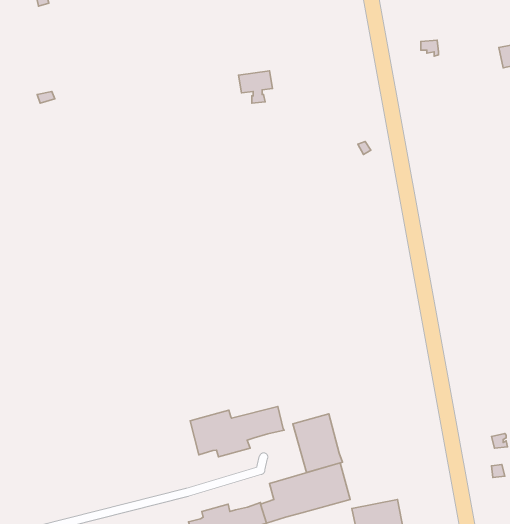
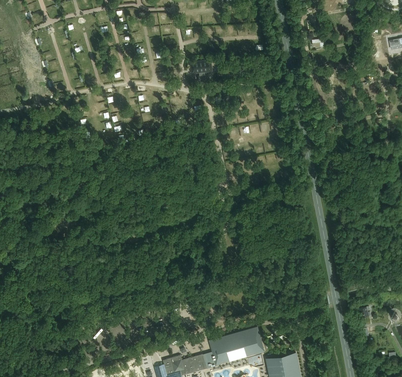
building: [190,407,284,457] -> none
building: [293,414,343,472] -> none

